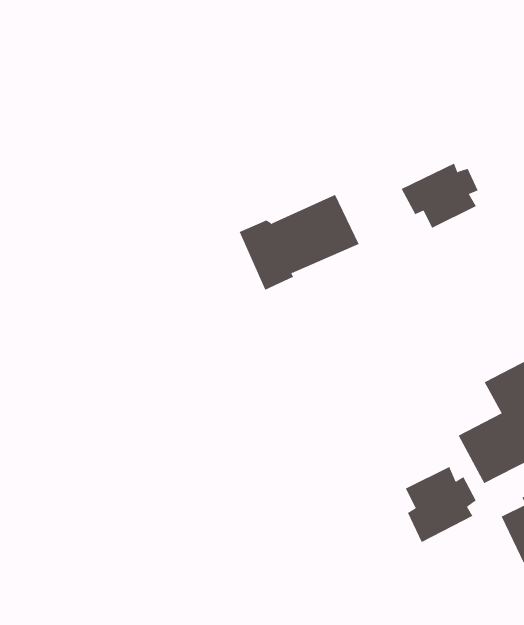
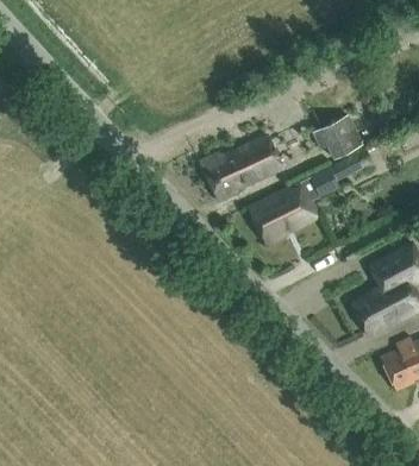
building: none -> [249,152,368,244]
building: [405,466,477,543] -> none

